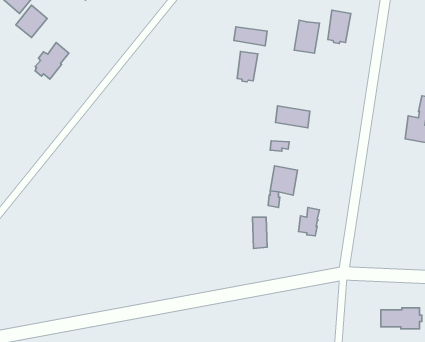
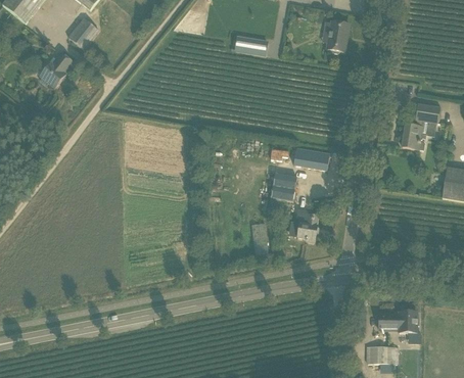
building: [16,5,47,37] -> [67,16,98,48]
building: [294,20,320,53] -> none
building: [237,52,258,82] -> none
building: [275,106,310,128] -> [294,147,328,169]

